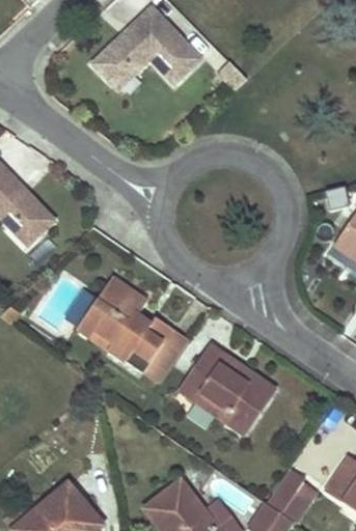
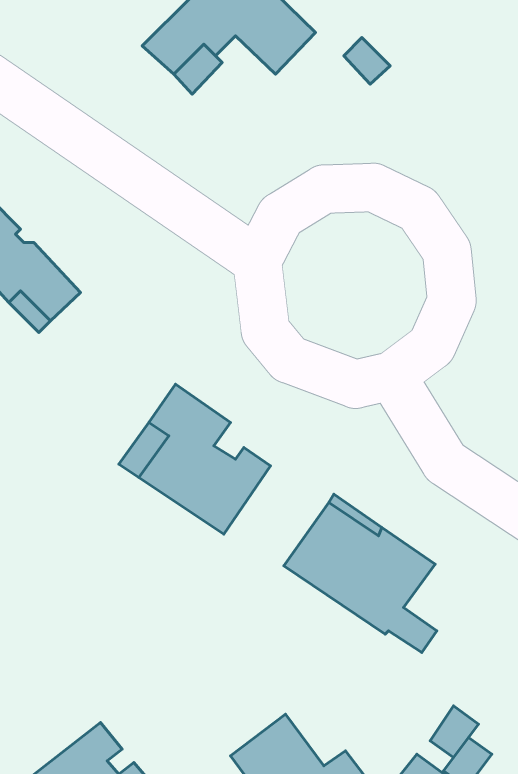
building: [142,328,189,383] -> none

